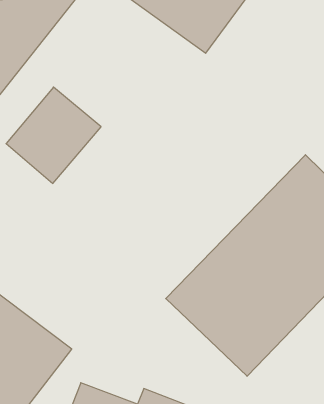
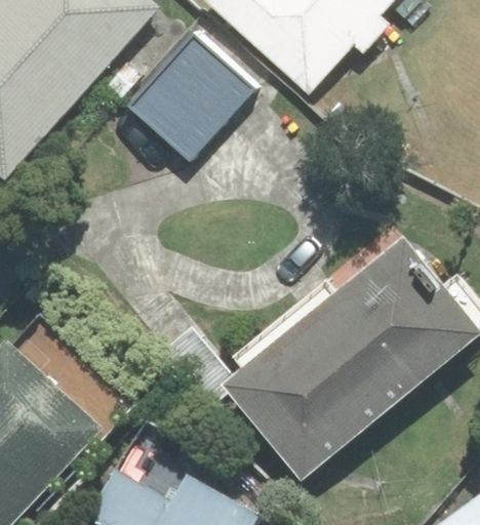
building: [6,87,101,183] -> [136,33,251,147]

